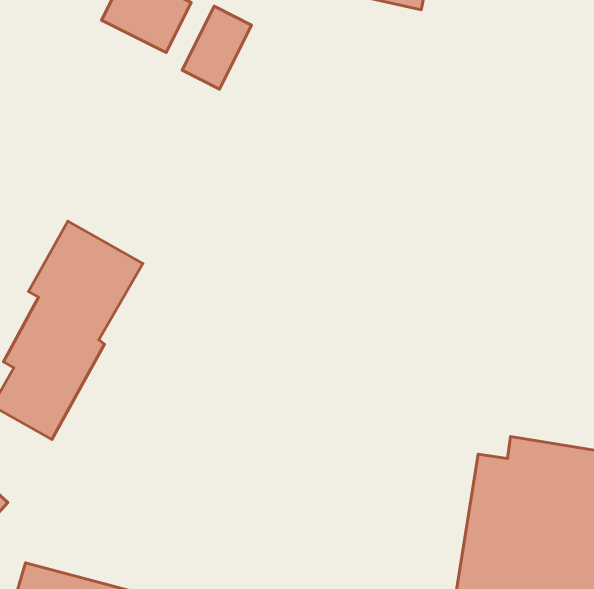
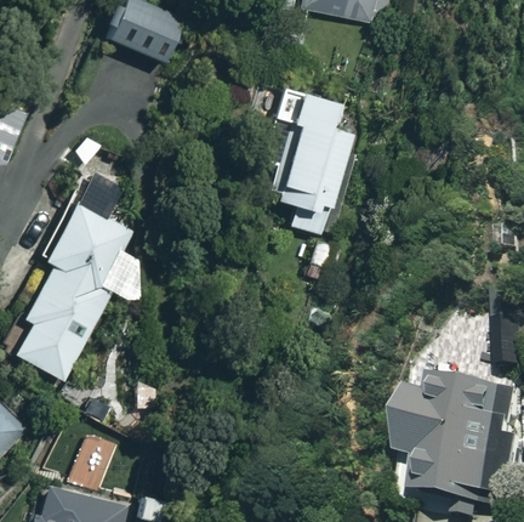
building: [182,6,252,89] -> none
building: none -> [275,83,352,236]

